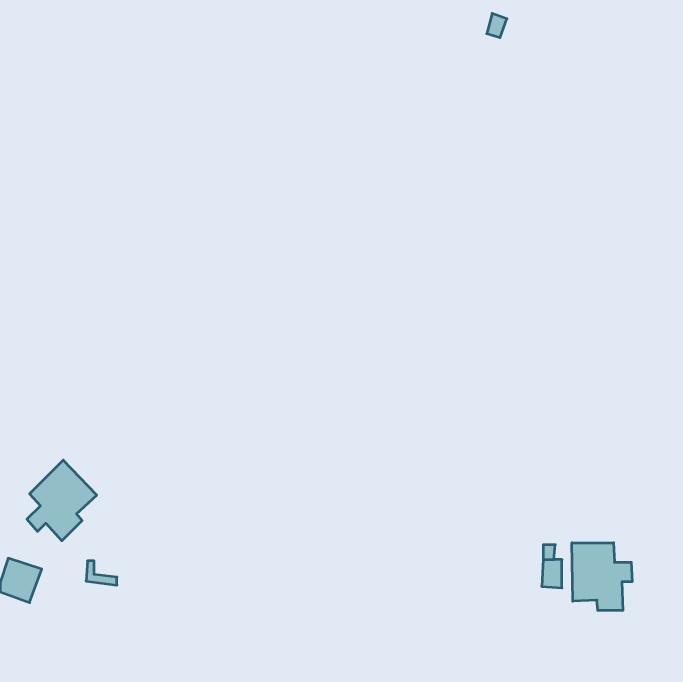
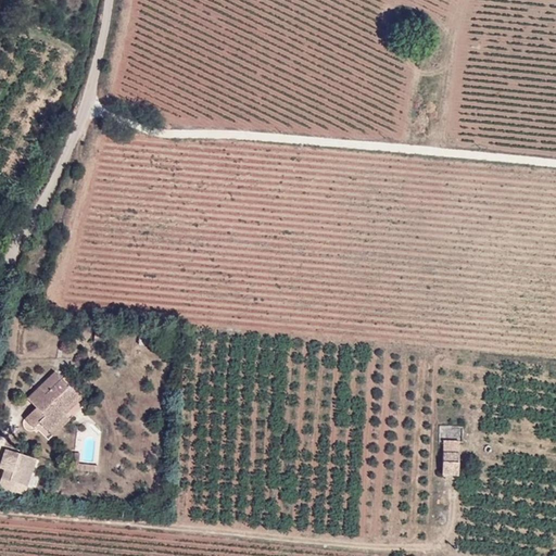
building: [572,543,632,610] -> none

